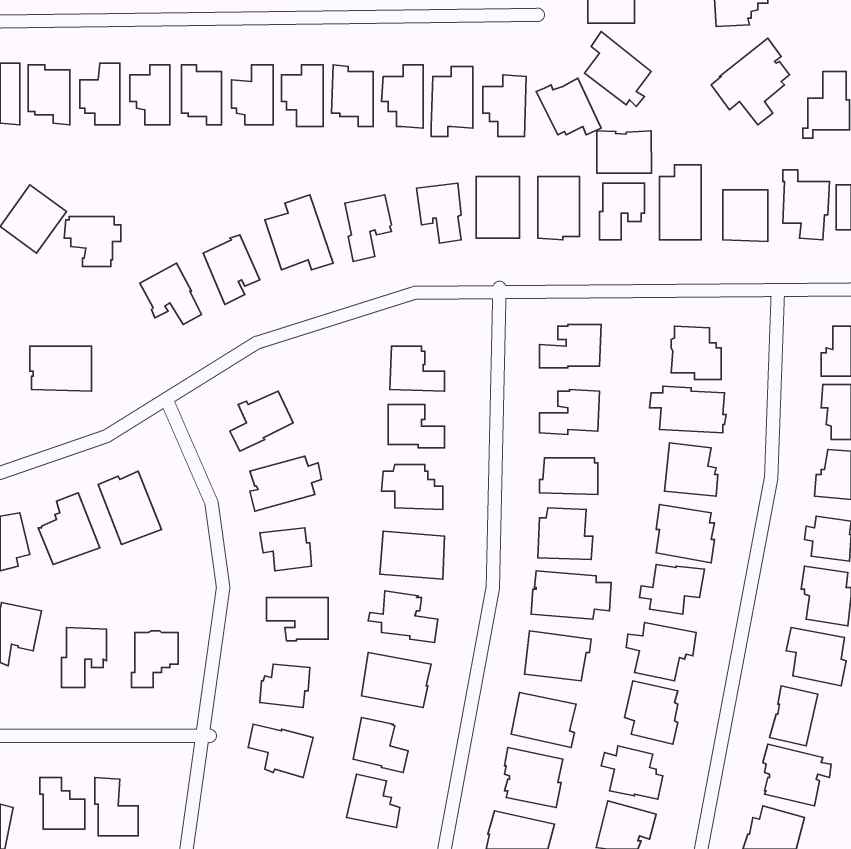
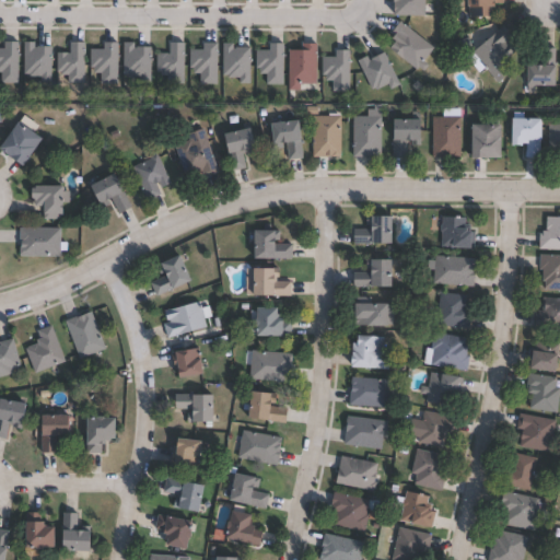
building: [597,131,651,173] -> none
building: [64,217,121,266] -> [32,186,69,219]
building: none -> [154,513,192,548]

